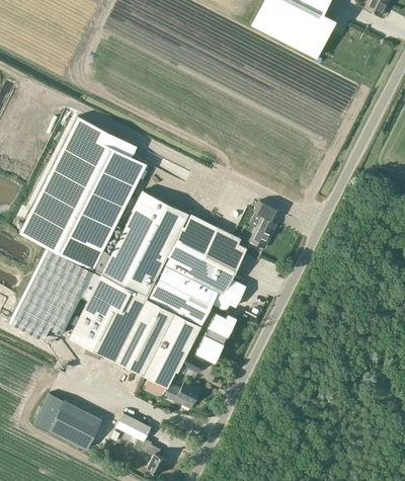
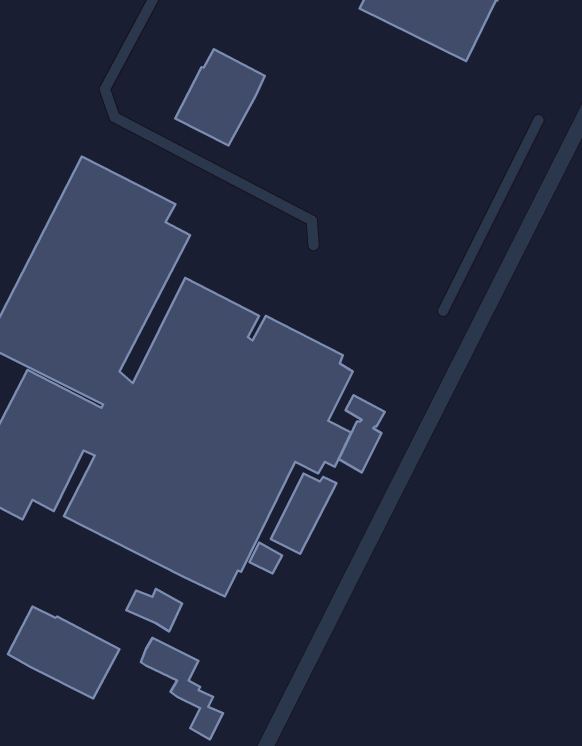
building: none -> [175,49,265,146]
building: [249,202,277,249] -> [339,395,385,472]
building: [164,383,198,409] -> [126,589,182,631]

